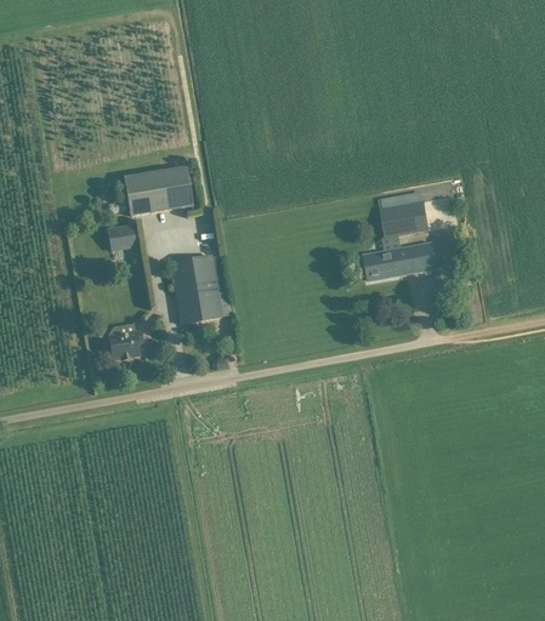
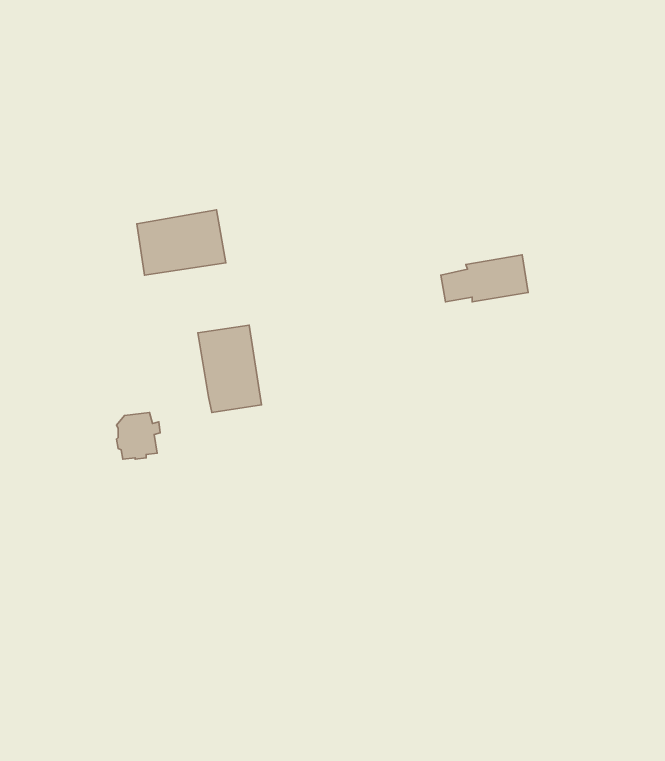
building: [108,224,136,250] -> none
building: [364,241,436,279] -> none

